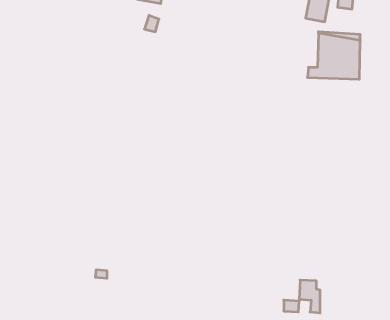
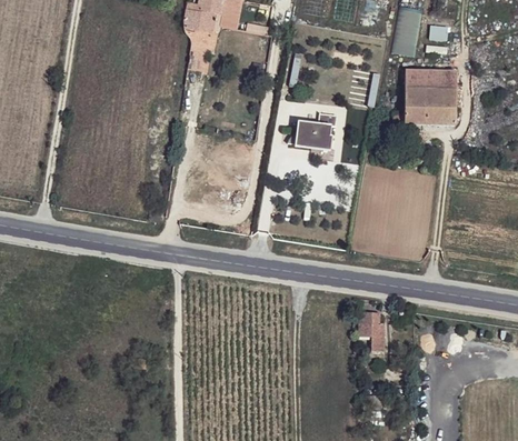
building: none -> [296,111,337,148]
building: [299,280,320,313] -> [359,310,385,350]

